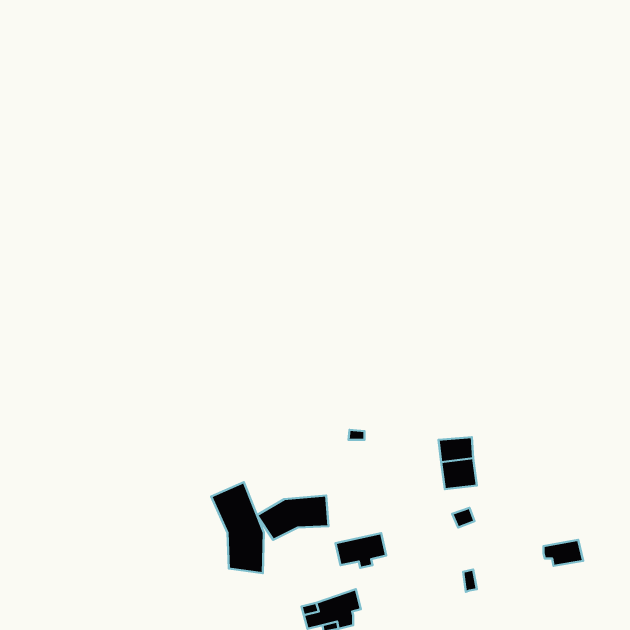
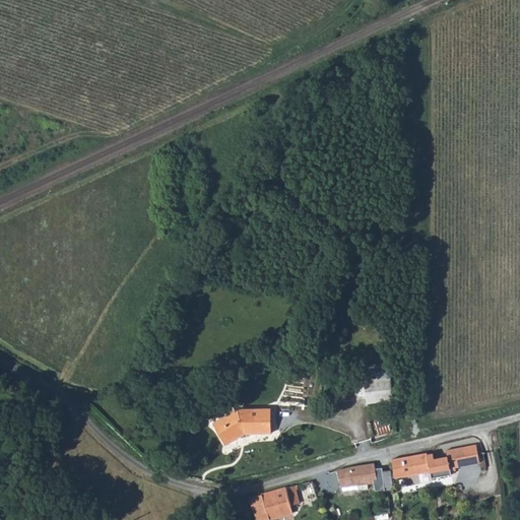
building: [211,482,264,573] -> none
building: [335,533,386,568] -> [335,464,377,493]
building: none -> [390,453,455,477]

